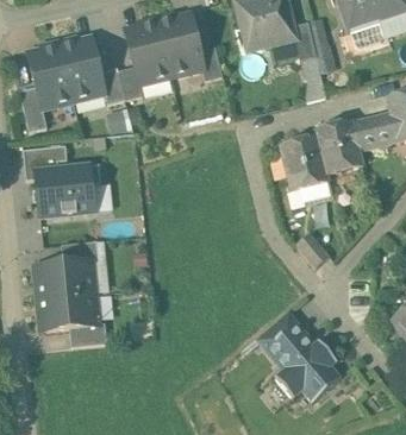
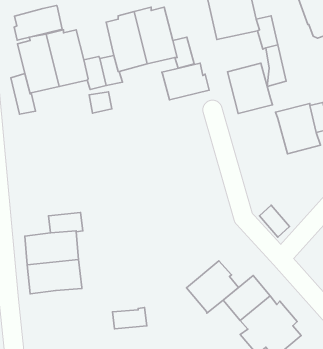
building: none -> [14,5,62,40]
building: none -> [162,63,209,100]
building: [279,135,329,191] -> [227,63,272,114]
building: [36,163,101,216] -> none
building: none -> [186,261,239,313]
building: [69,322,107,346] -> [112,308,147,329]

